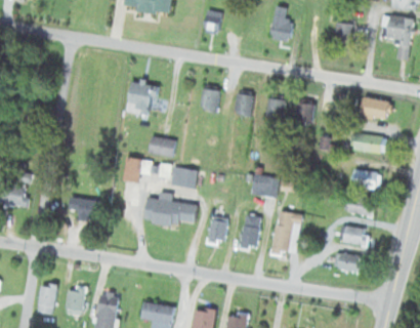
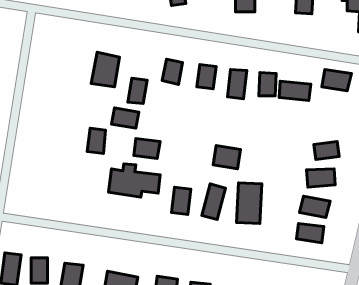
building: none -> [128,78,147,103]
building: [353,134,385,154] -> [279,81,311,100]
building: [68,199,98,220] -> none

